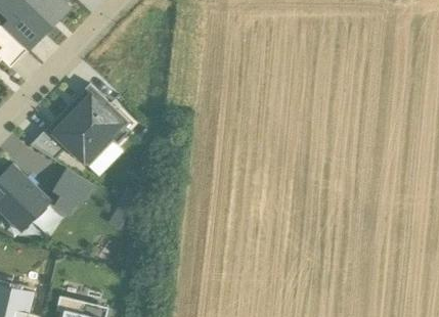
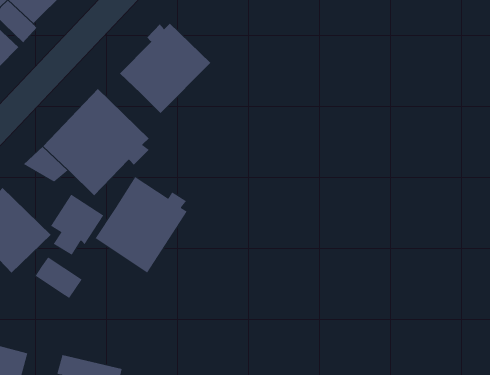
building: none -> [119,23,211,114]
building: none -> [95,176,188,273]
building: none -> [35,257,83,299]

